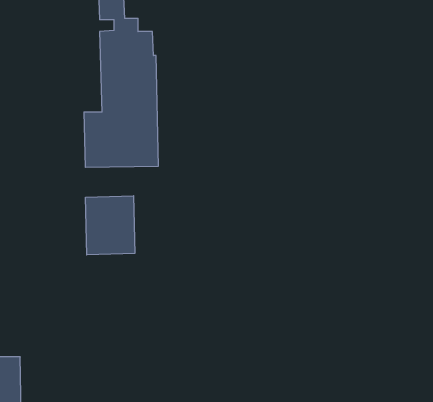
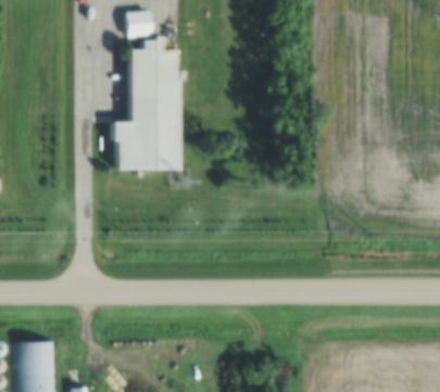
building: [86,196,135,255] -> none

